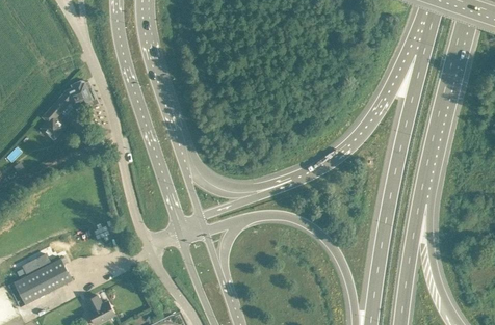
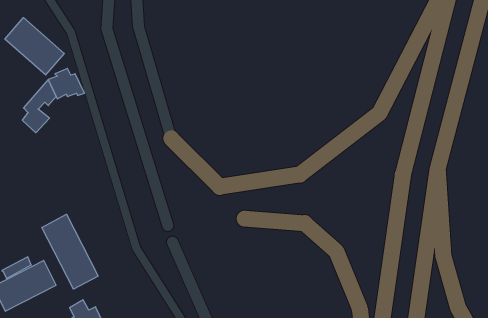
building: none -> [5,18,64,75]
building: none -> [42,214,98,289]

